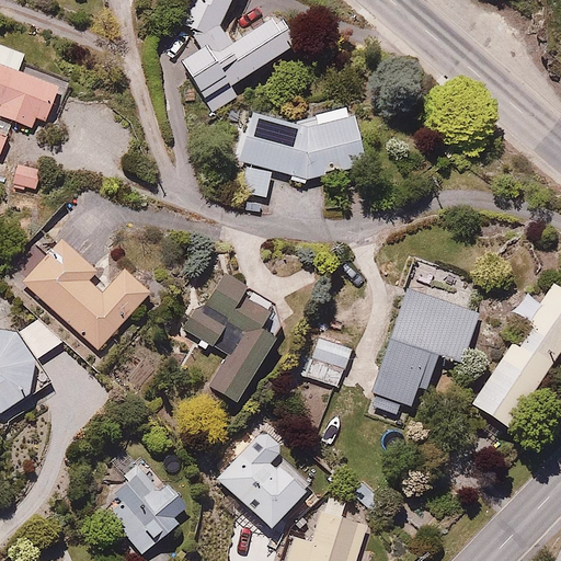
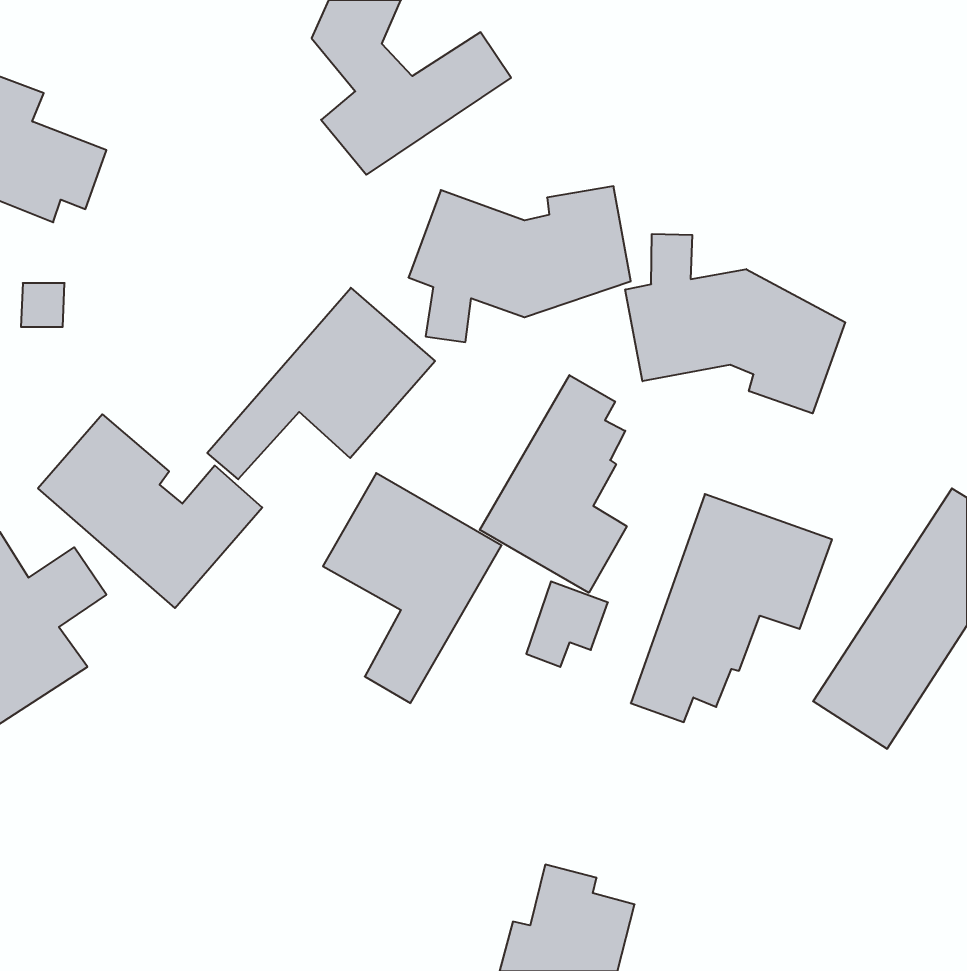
building: none -> [625,234,845,413]
building: none -> [207,288,435,479]
building: none -> [480,375,627,593]
building: [211,424,311,531] -> none
building: [110,463,181,554] -> none

